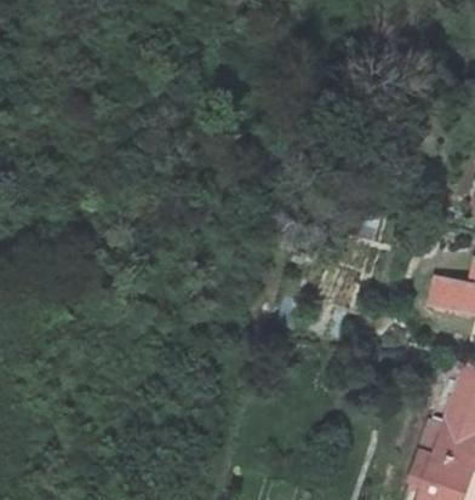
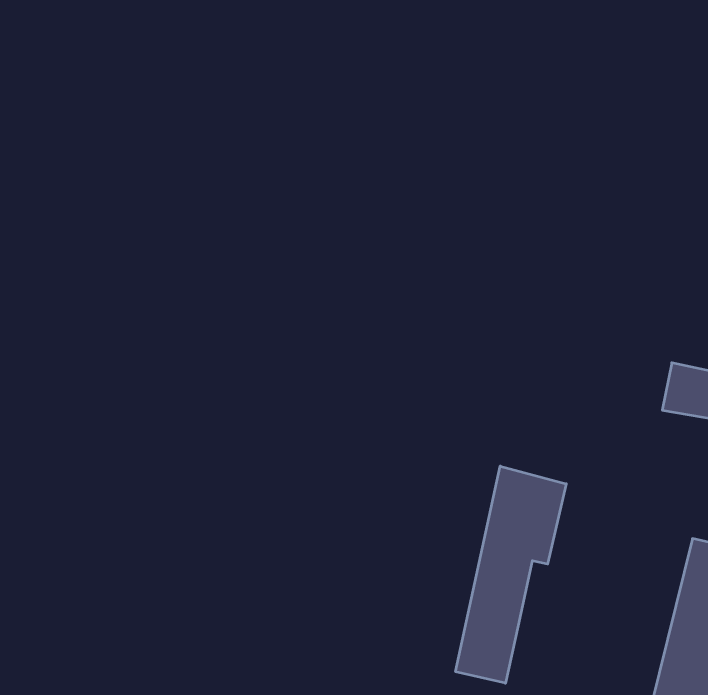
building: none -> [456,466,566,683]

